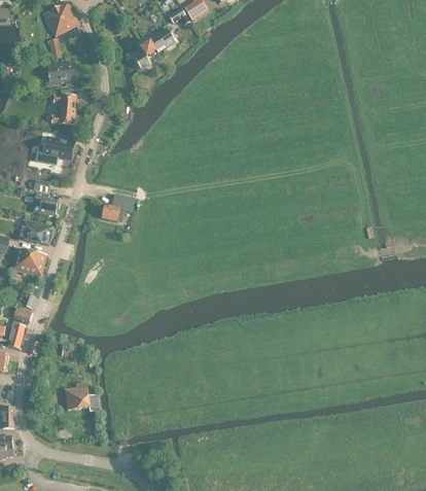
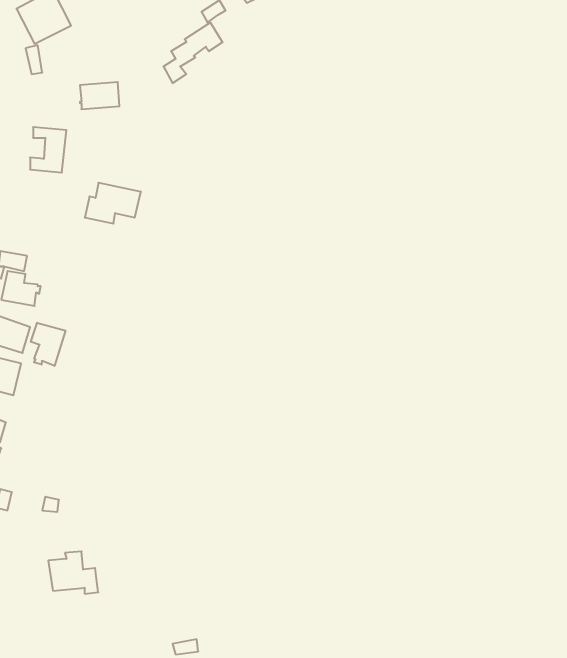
building: [48,63,75,81] -> [80,82,119,109]
building: [37,136,75,164] -> [85,183,141,224]
building: [102,195,134,220] -> none
building: none -> [31,323,65,366]

